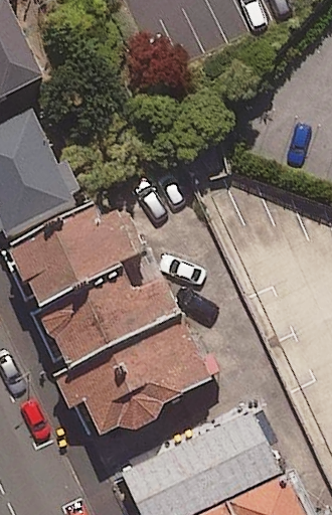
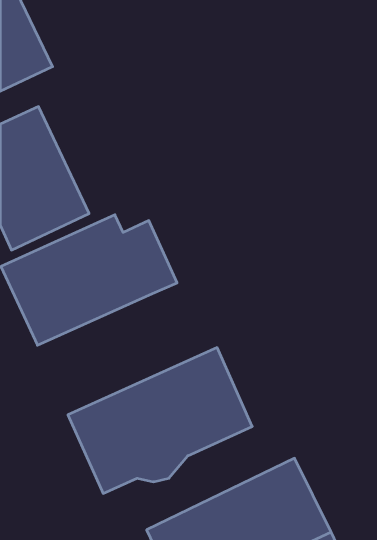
building: [32,274,186,377] -> none

